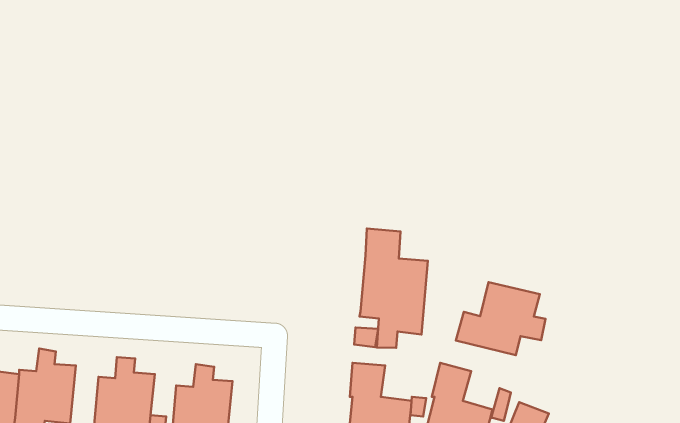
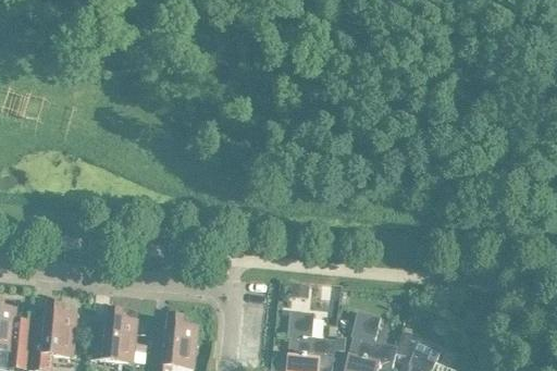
building: [360,228,428,348] -> none
building: [456,282,545,355] -> none

